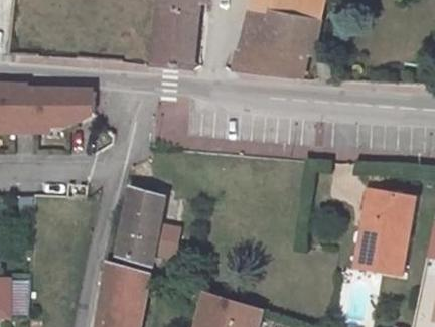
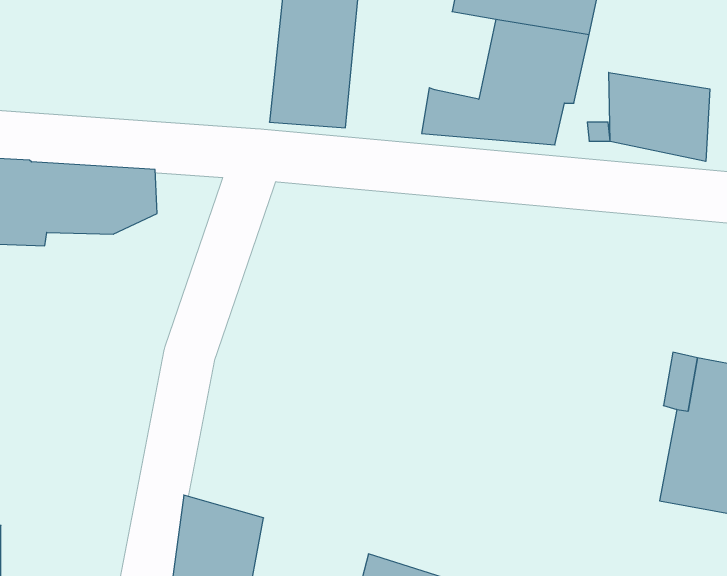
building: [240,7,272,53] -> none
building: none -> [609,72,710,161]
building: [119,187,165,266] -> none

